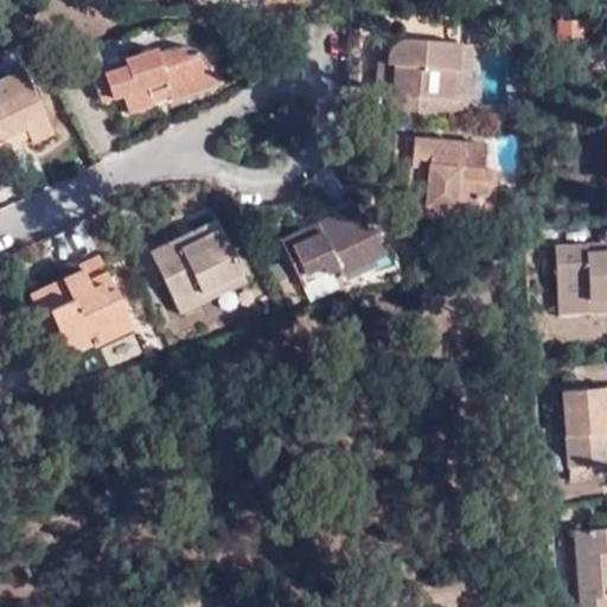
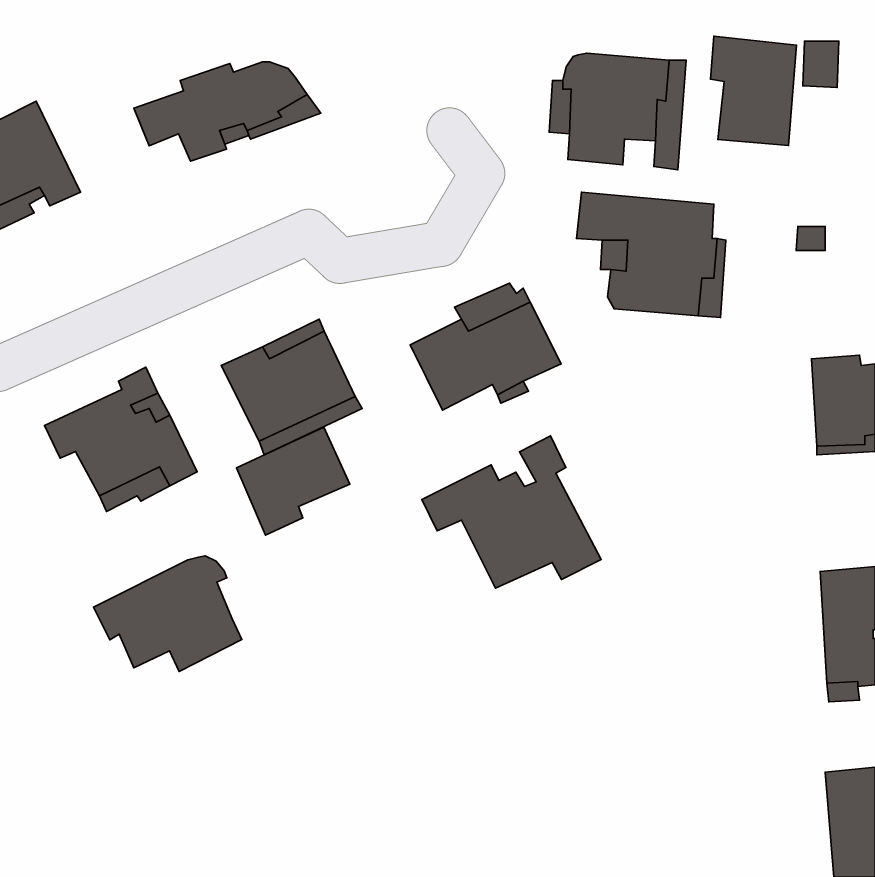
building: none -> [711,36,797,146]
building: none -> [237,427,350,535]
building: none -> [422,436,601,588]
building: none -> [93,556,242,672]

